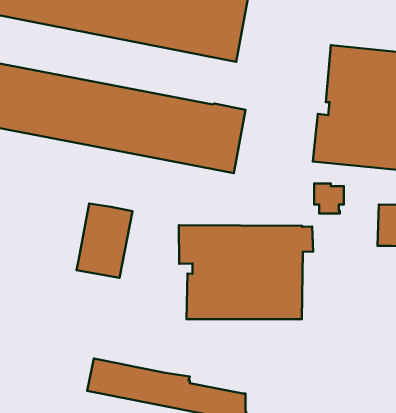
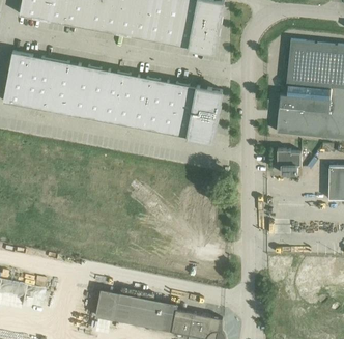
building: [76,203,132,278] -> none
building: [179,225,313,319] -> none

